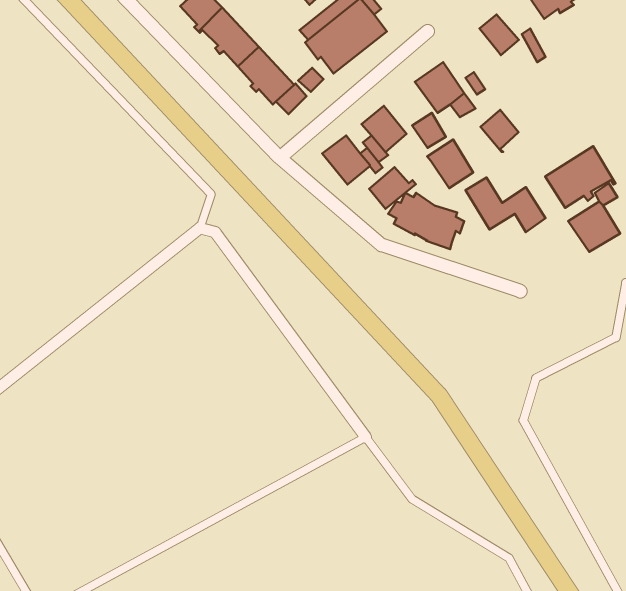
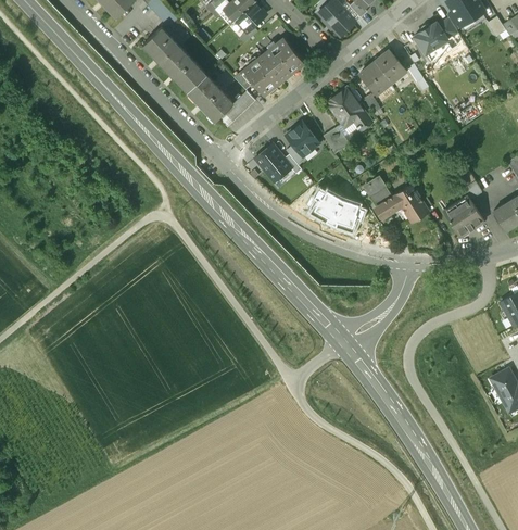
building: [481,110,518,152] -> [361,61,390,93]
building: [427,140,473,188] -> none
building: [545,146,615,208] -> none
building: [369,167,416,209] -> none

